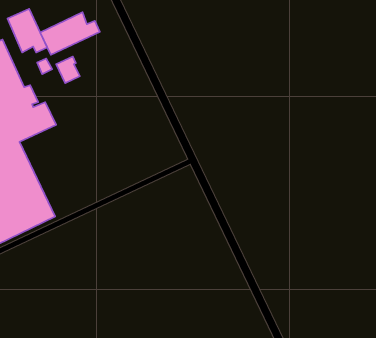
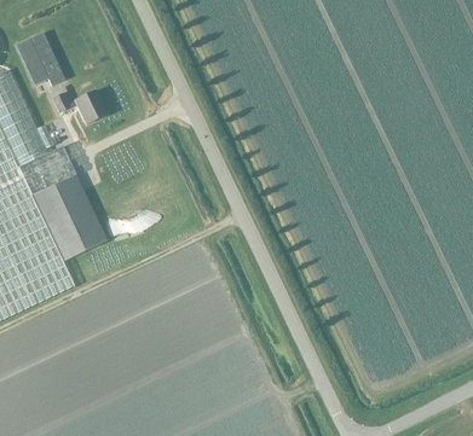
building: [40,12,100,55] -> none
building: none -> [33,175,108,261]

